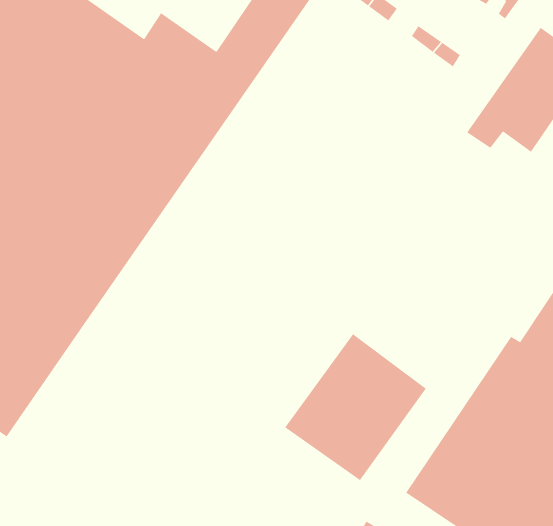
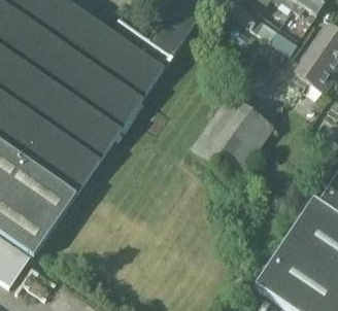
building: [284,333,427,481] -> [193,96,272,178]

